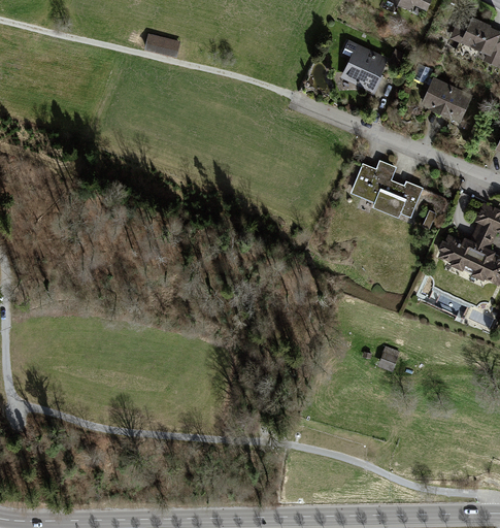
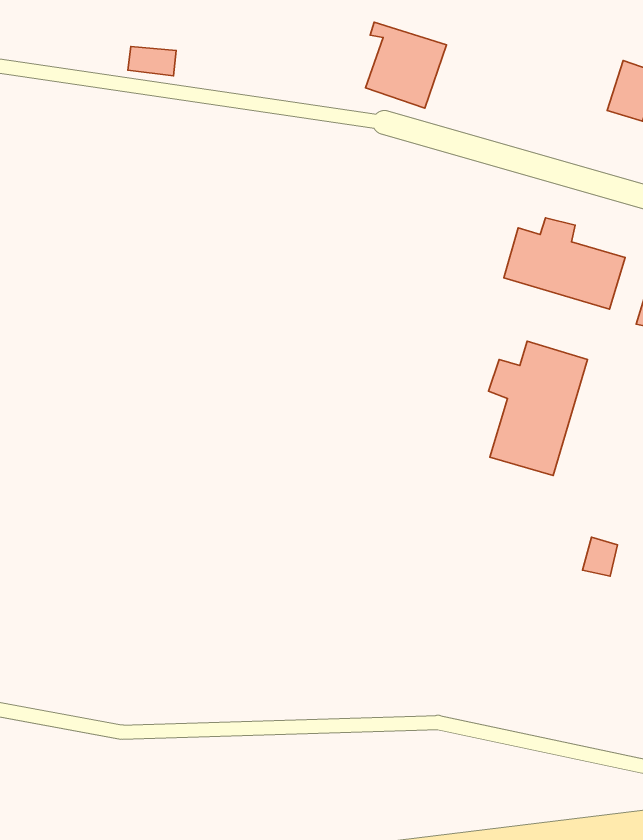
building: [340,41,390,94] -> [365,22,447,108]
building: none -> [488,341,588,476]

